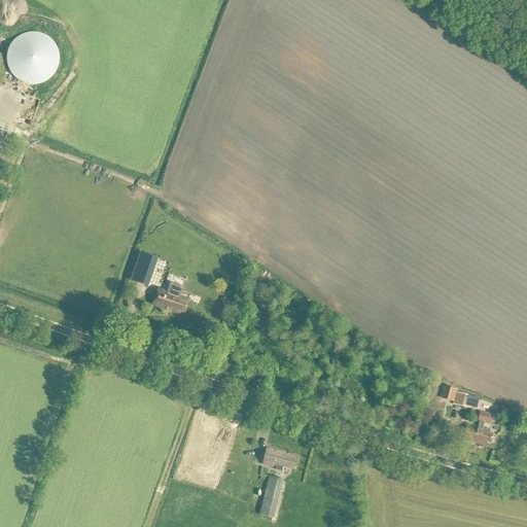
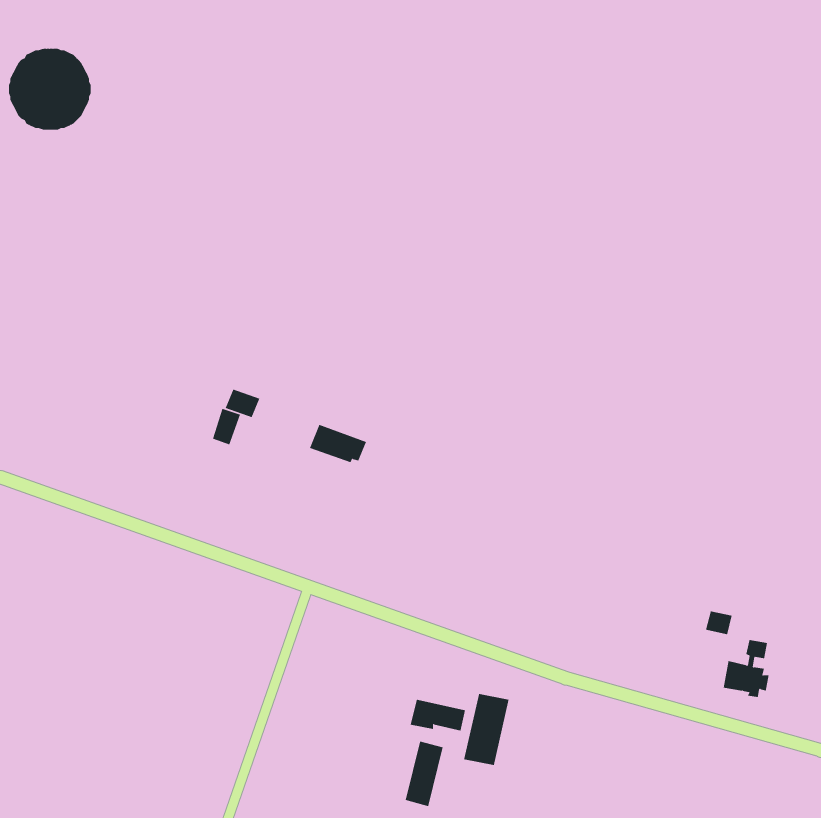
building: [152,288,189,313] -> [309,424,367,463]
building: none -> [464,693,509,766]

